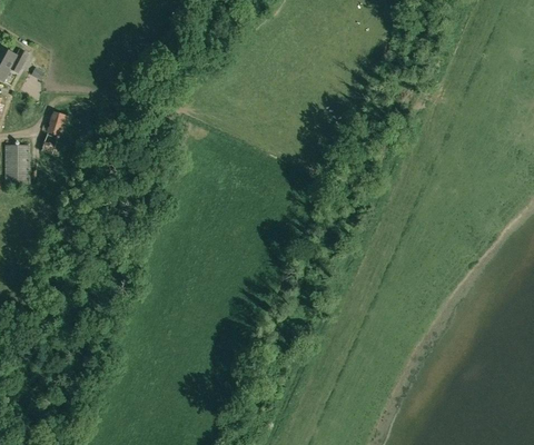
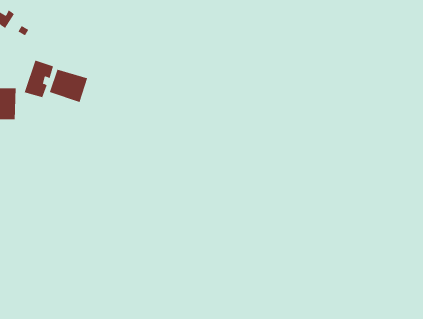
building: none -> [49,69,88,103]

